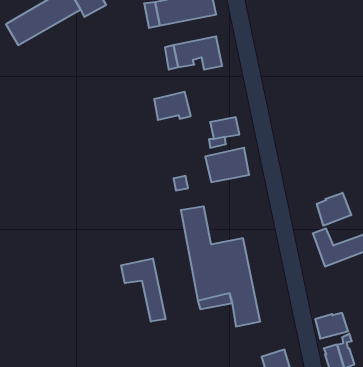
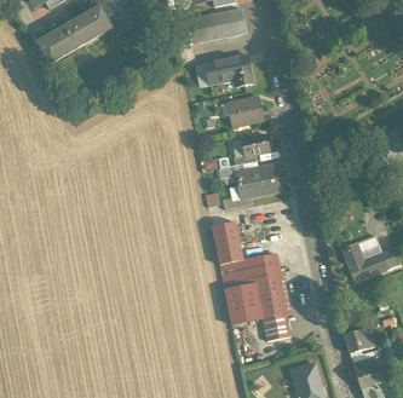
building: [154,92,191,120] -> [228,96,264,123]
building: [317,193,351,226] -> none
building: [121,258,165,322] -> none

